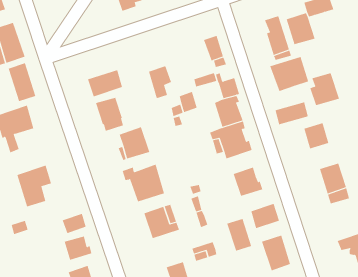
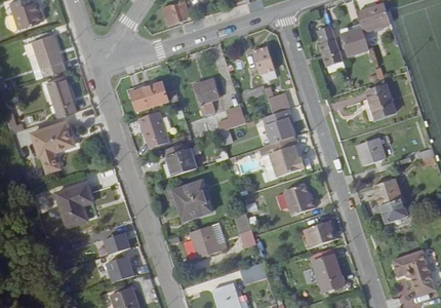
building: [270,56,309,92] -> none
building: [275,101,309,125] -> none
building: [227,218,252,252] -> none

